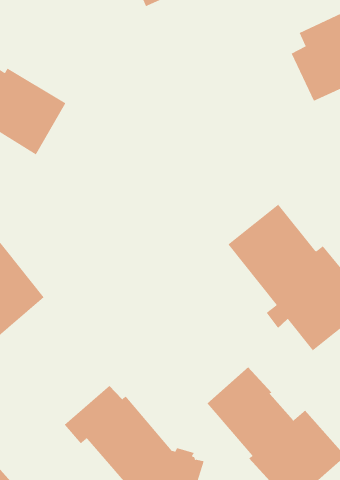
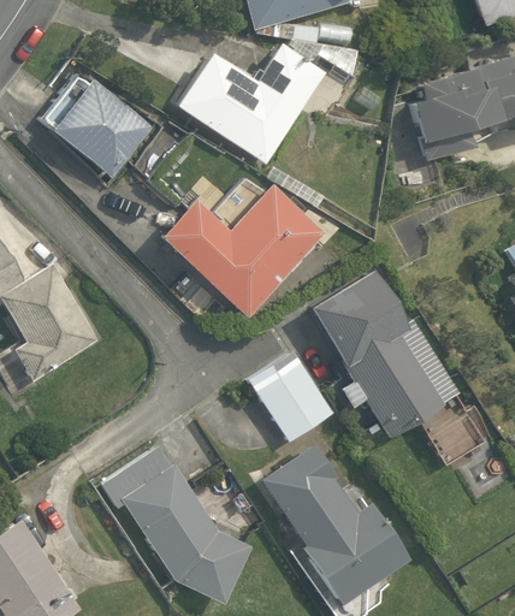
building: none -> [178,43,326,164]
building: none -> [161,184,342,319]
building: none -> [249,350,335,442]

